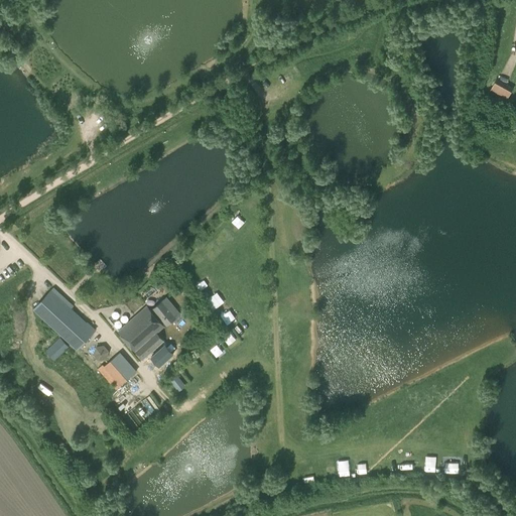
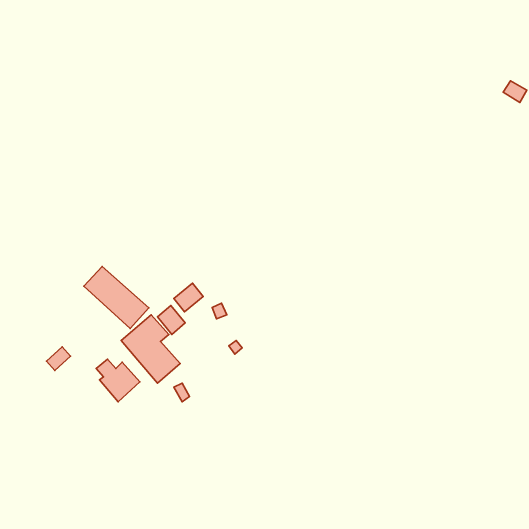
building: none -> [174,283,203,312]
building: [32,290,96,351] -> [84,266,149,329]

